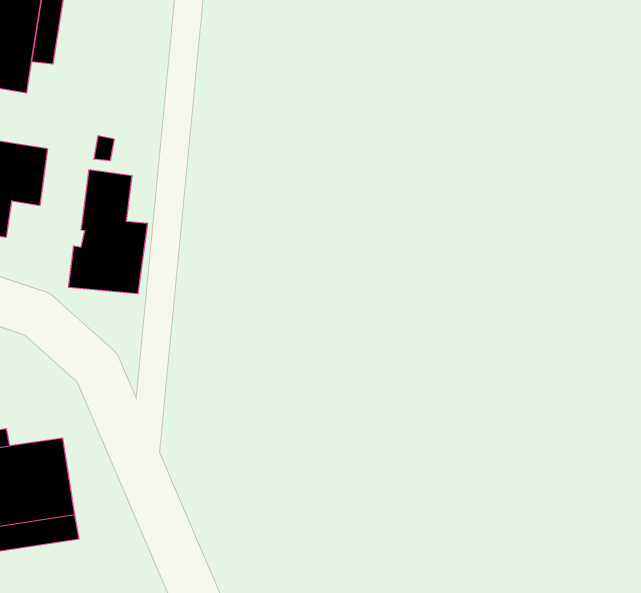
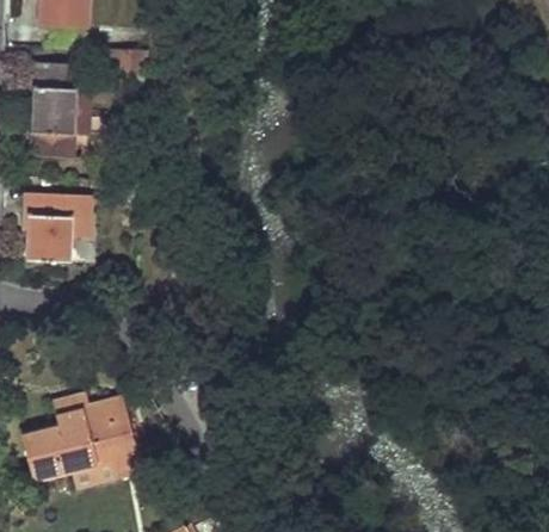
building: [69,170,147,294] -> none

